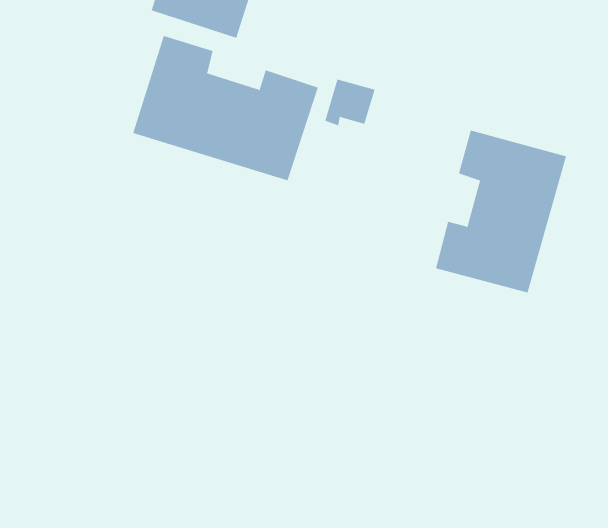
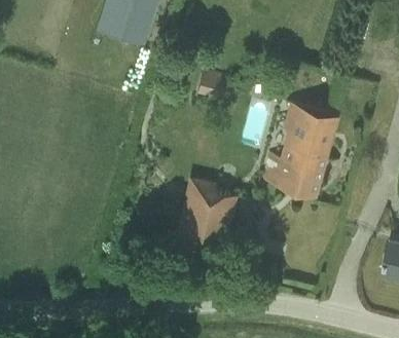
building: [132,35,319,181] -> none
building: none -> [177,177,238,252]

